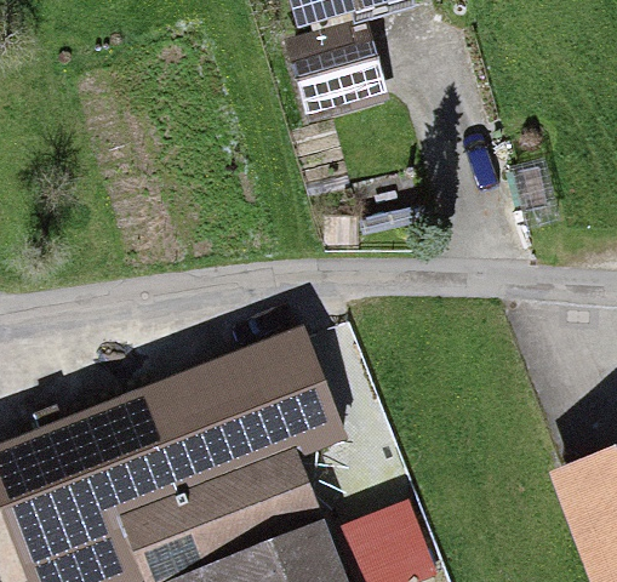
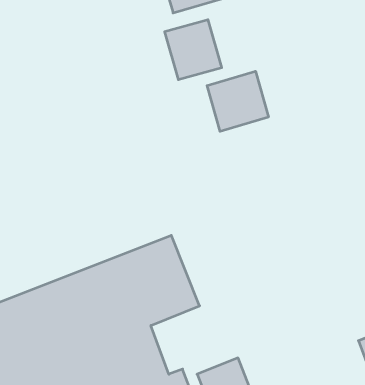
building: none -> [207,71,268,131]

